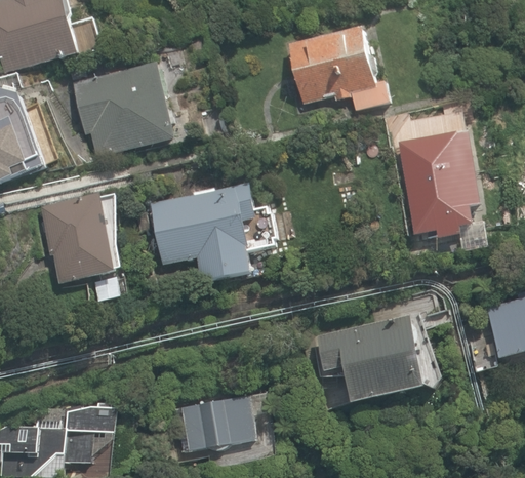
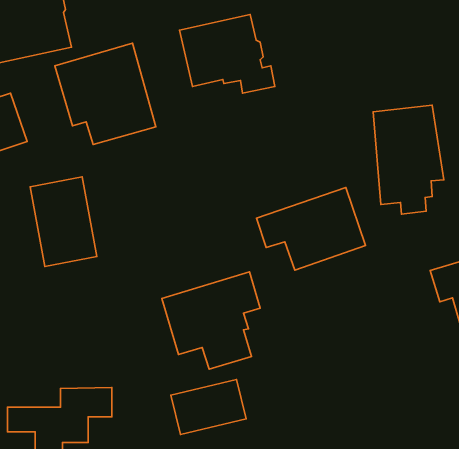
building: [293,30,393,112] -> [180,15,275,93]
building: [152,173,254,275] -> [162,272,260,369]
building: [312,309,426,395] -> [256,188,365,270]

